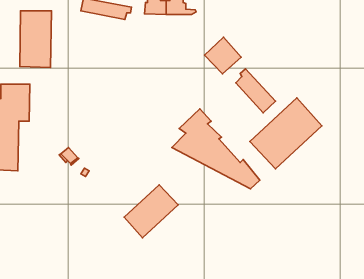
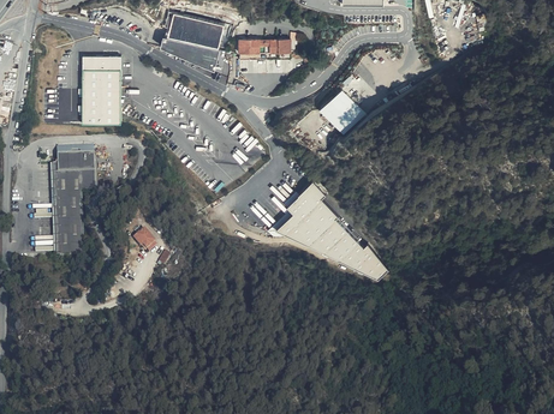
building: [236,69,275,113] -> none
building: [250,98,322,169] -> none
building: [124,185,178,238] -> none

